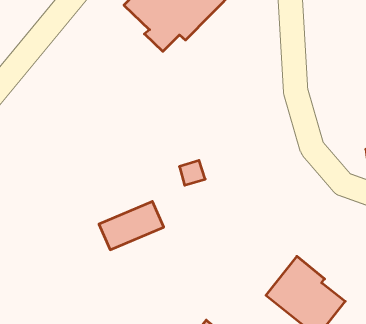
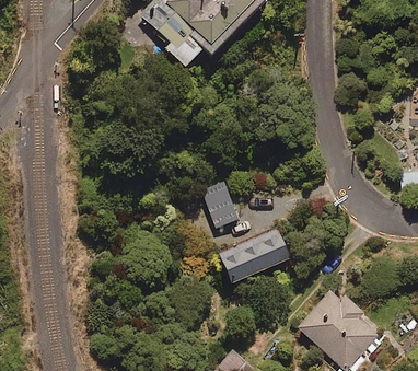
building: [99,201,164,250] -> [219,230,288,281]

